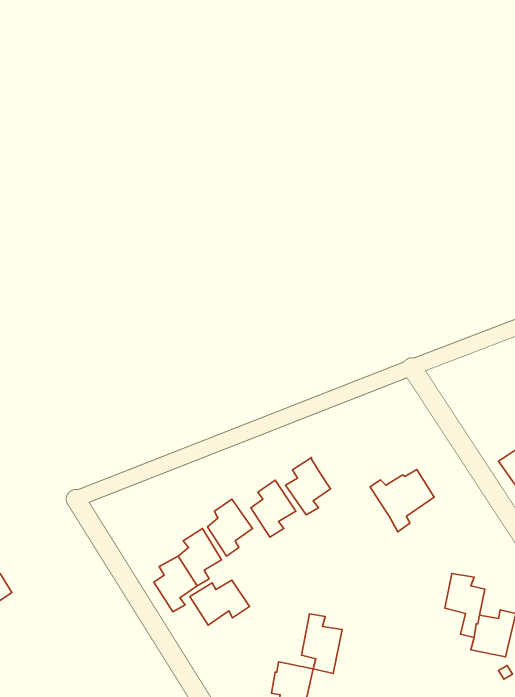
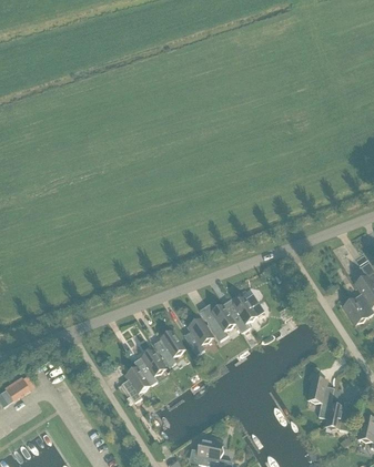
building: [370,469,434,532] -> [221,293,262,333]
building: [190,580,249,625] -> none
building: [302,614,342,673] -> none

